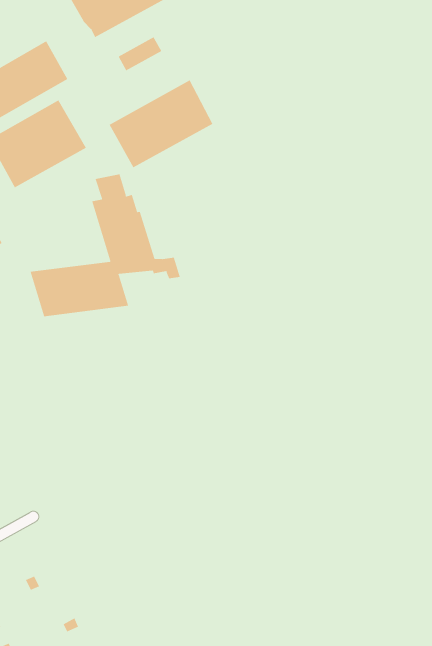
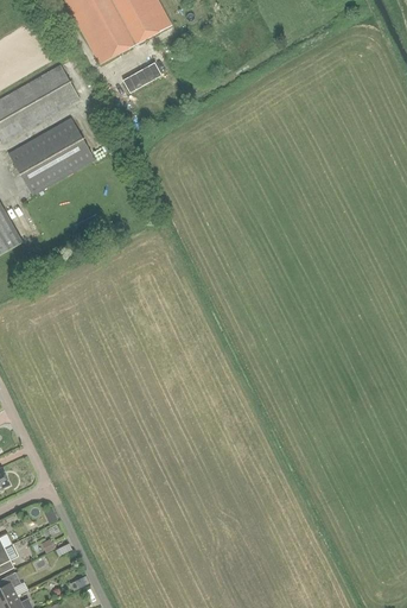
building: [109,80,213,168] -> none
building: [30,174,181,317] -> none

